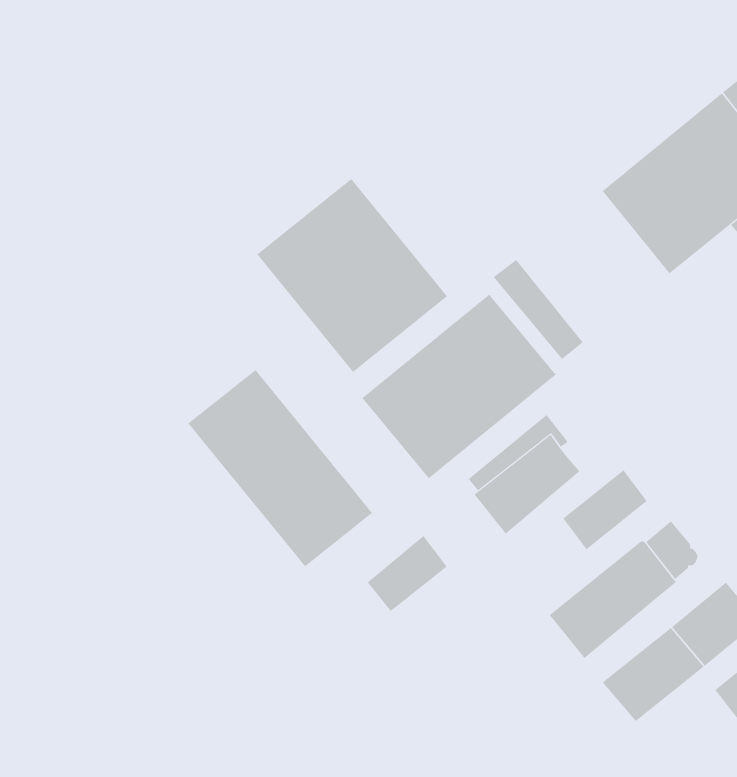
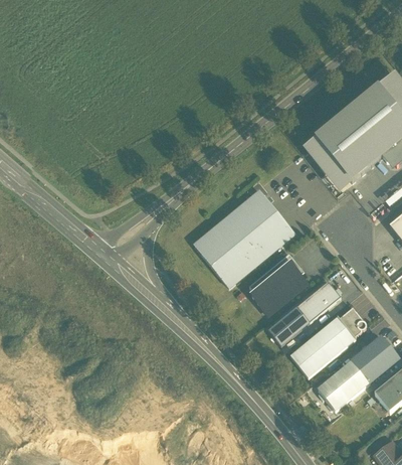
building: [257,178,448,373] -> none
building: [493,259,584,360] -> [305,138,351,189]
building: [188,369,373,567] -> none
building: [367,535,448,612] -> [267,305,309,344]

